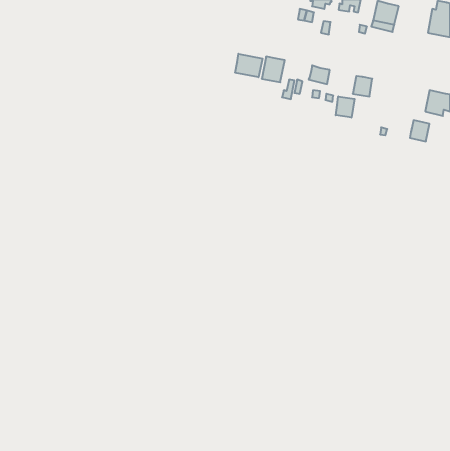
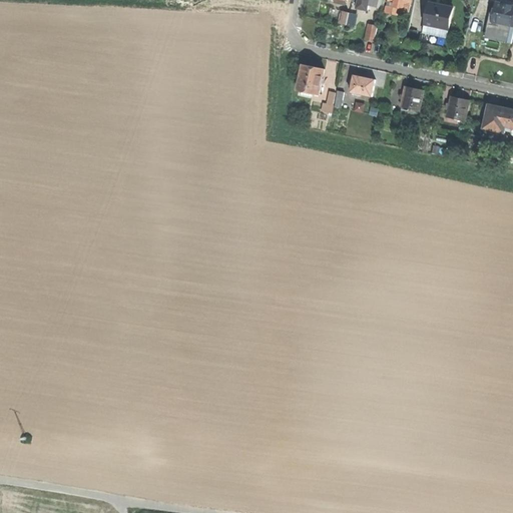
building: [235,54,263,77] -> none
building: [336,96,355,118] -> none
building: [410,120,429,141] -> [446,95,468,119]

